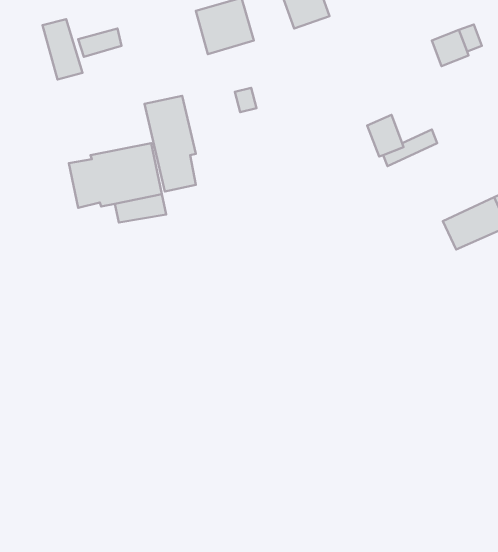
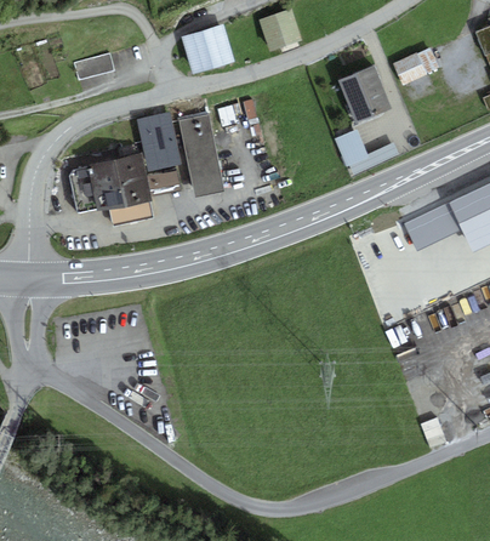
building: [42,19,83,80] -> none
building: none -> [337,66,391,124]
building: none -> [178,110,223,198]

